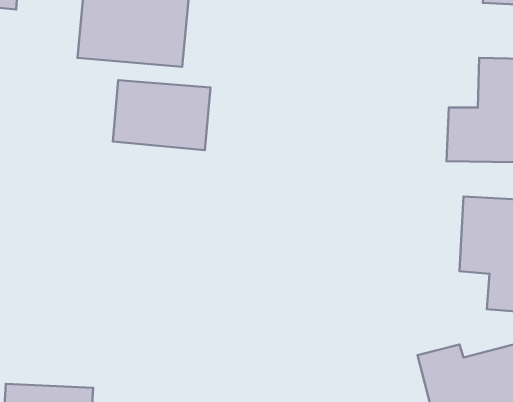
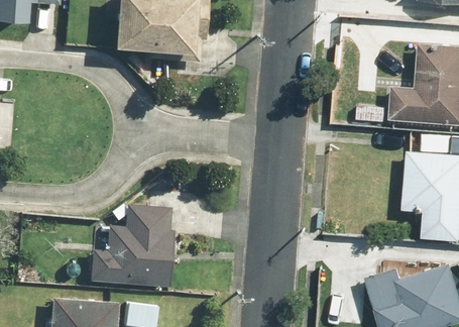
building: [113,80,211,150] -> none
building: none -> [91,204,176,288]

